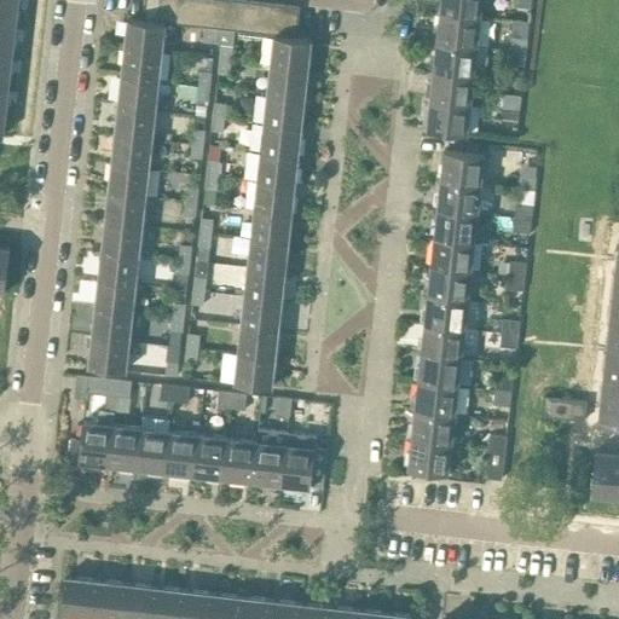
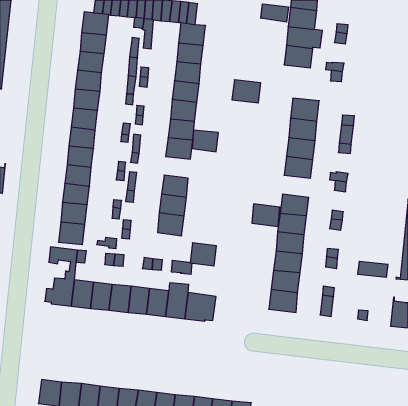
building: none -> [261,4,288,22]
building: [426,102,469,137] -> [232,80,261,103]
building: [248,241,288,273] -> [192,130,218,152]
building: [427,268,469,302] -> [252,204,280,226]
building: [235,355,274,391] -> [190,243,216,266]

